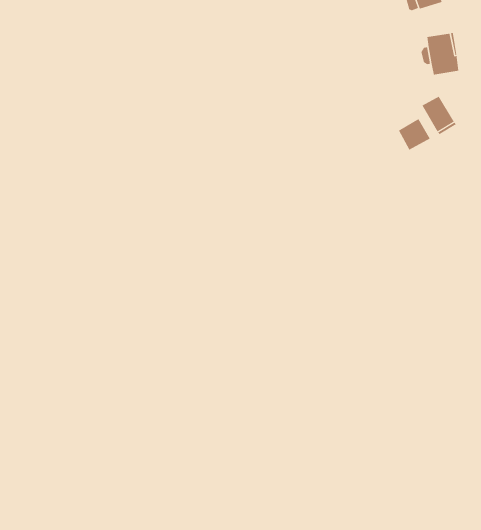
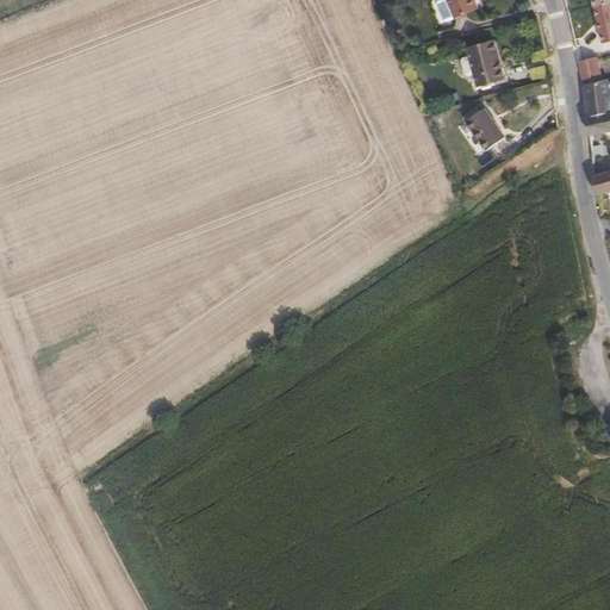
building: [398,118,431,151] -> none

